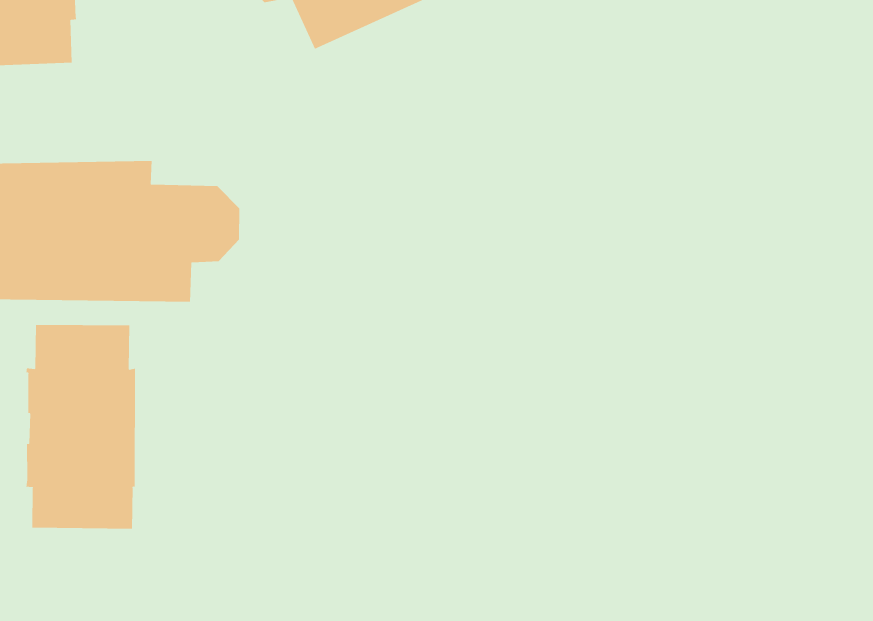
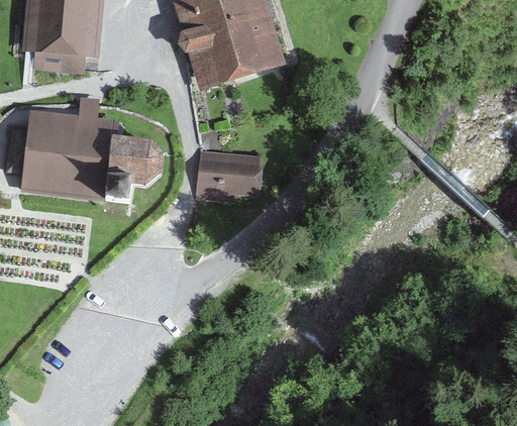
building: none -> [197,155,256,196]
building: [26,324,136,530] -> none

